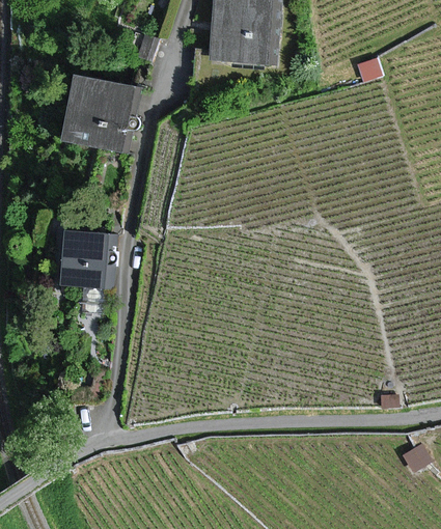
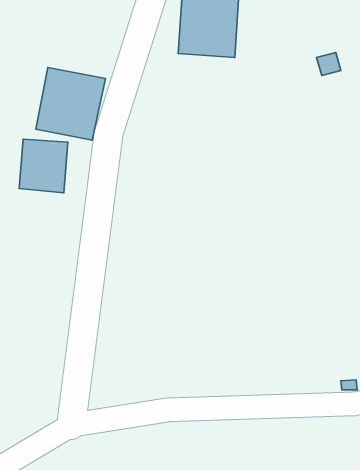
building: [61,232,111,287] -> [19,139,68,193]

